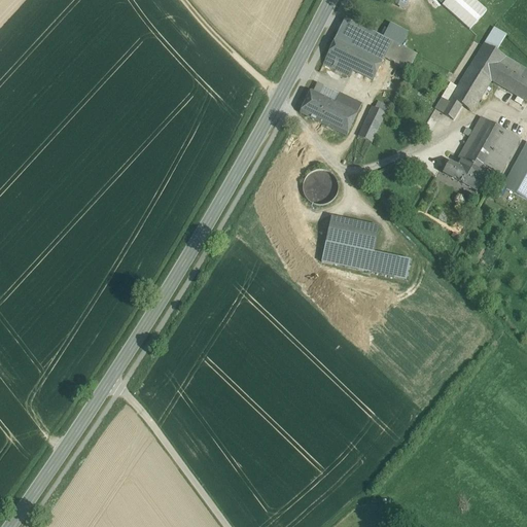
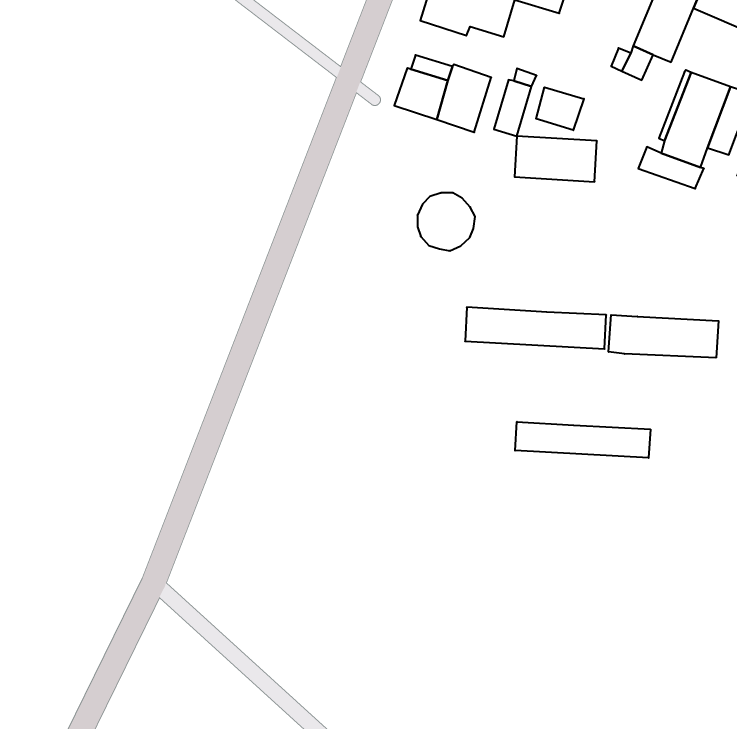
building: none -> [536,87,584,130]
building: [325,215,379,250] -> [515,136,597,182]
building: none -> [609,315,719,358]
building: none -> [515,422,650,458]

